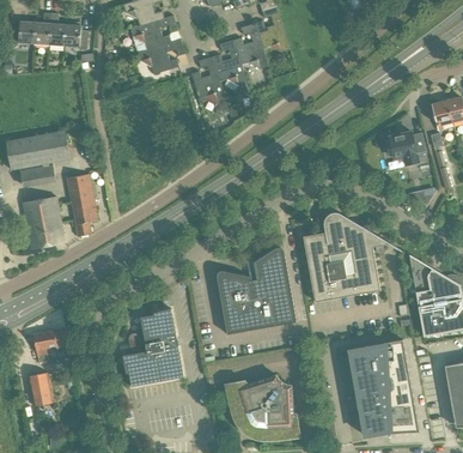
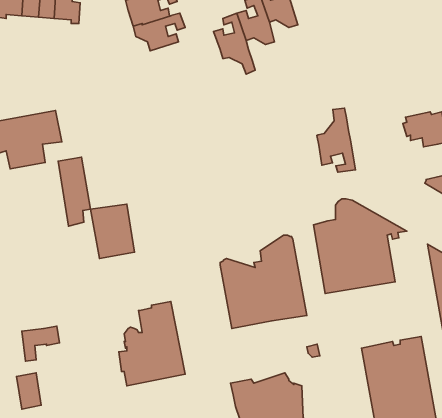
building: [190,58,227,113] -> none
building: none -> [317,108,356,172]
building: [23,198,63,248] -> [90,204,135,259]

